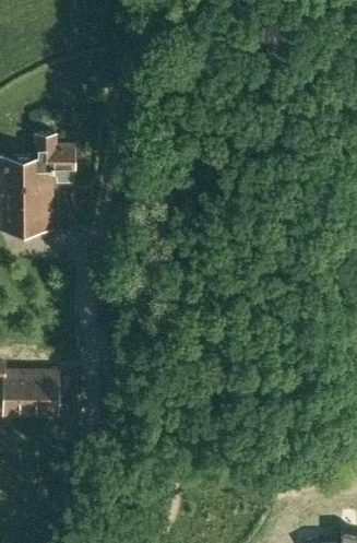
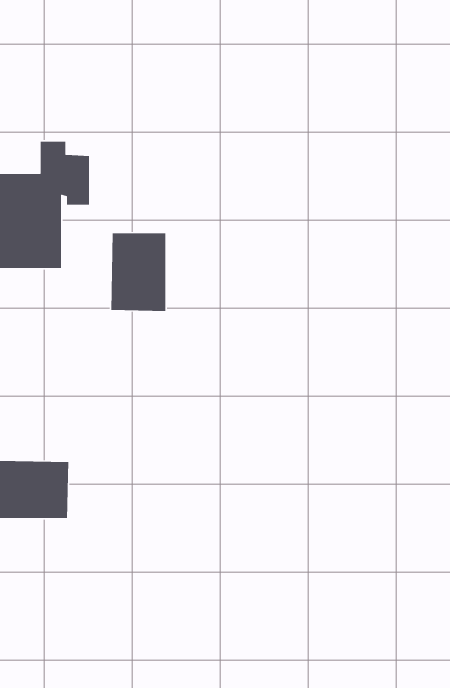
building: none -> [110,233,166,312]

